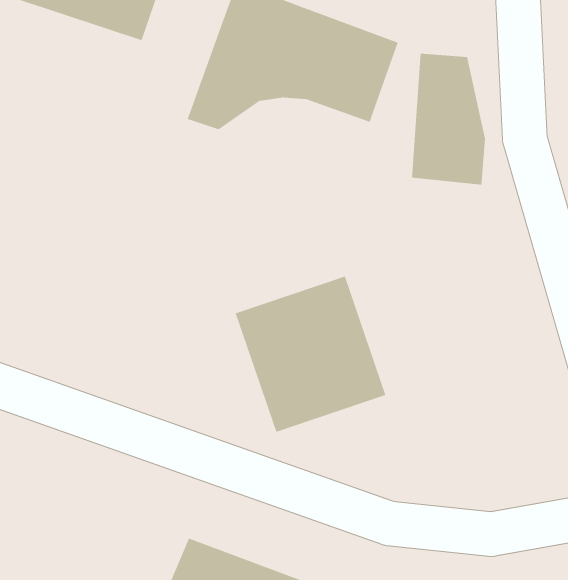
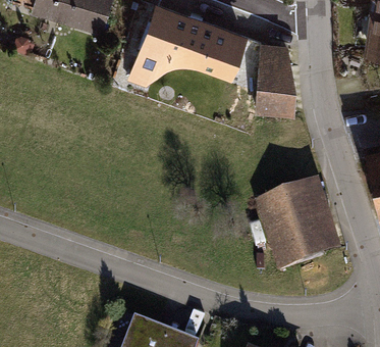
building: [235,276,386,432] -> [254,184,340,274]

